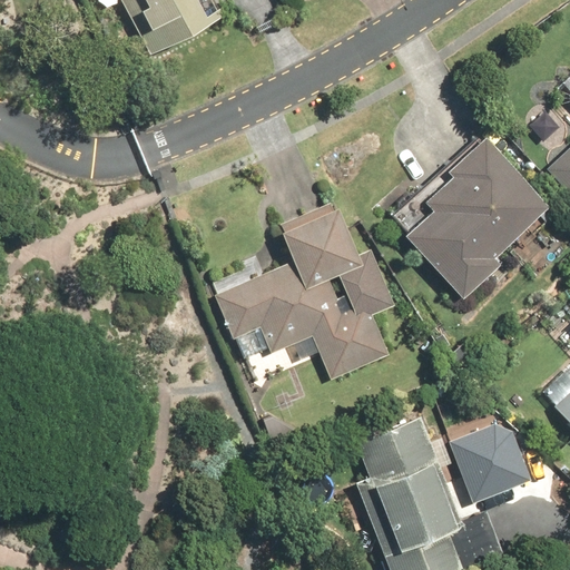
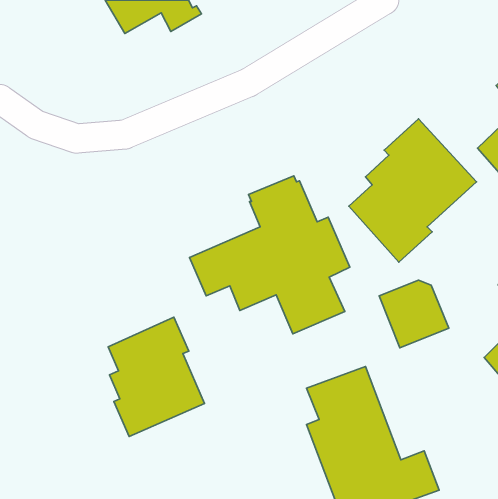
building: none -> [108,317,205,436]
building: [454,419,533,495] -> [379,280,449,348]

